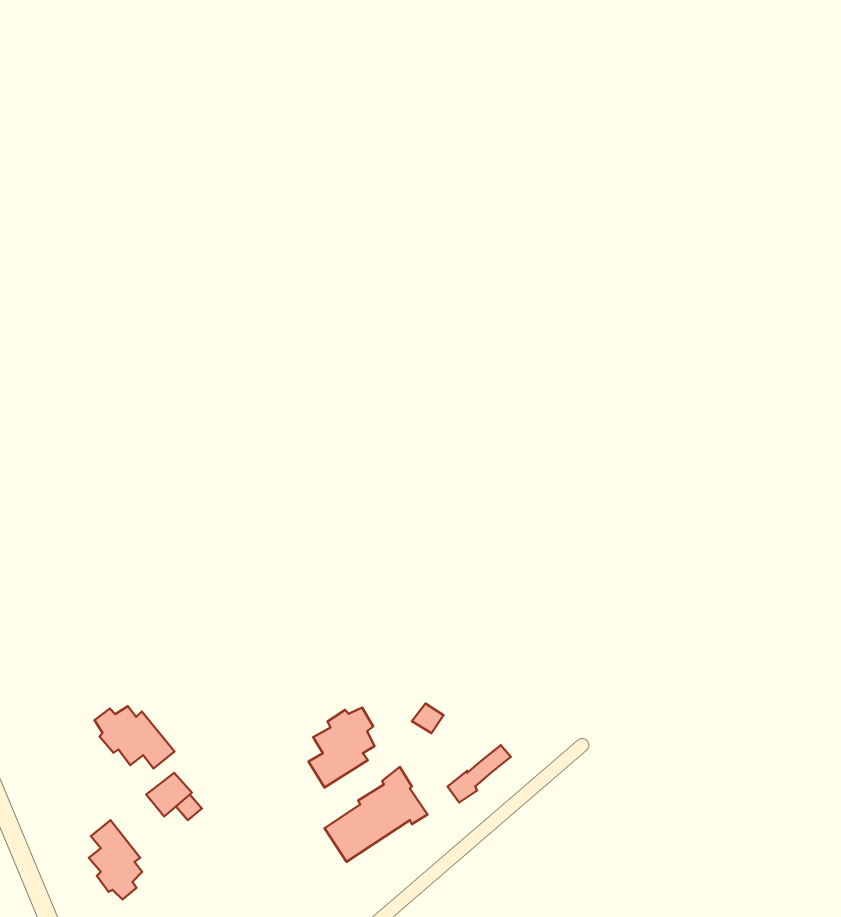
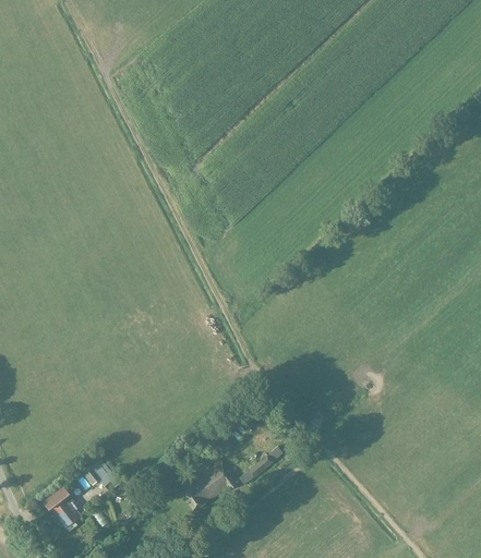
building: [94,706,174,768] -> none
building: [309,707,374,787] -> none

